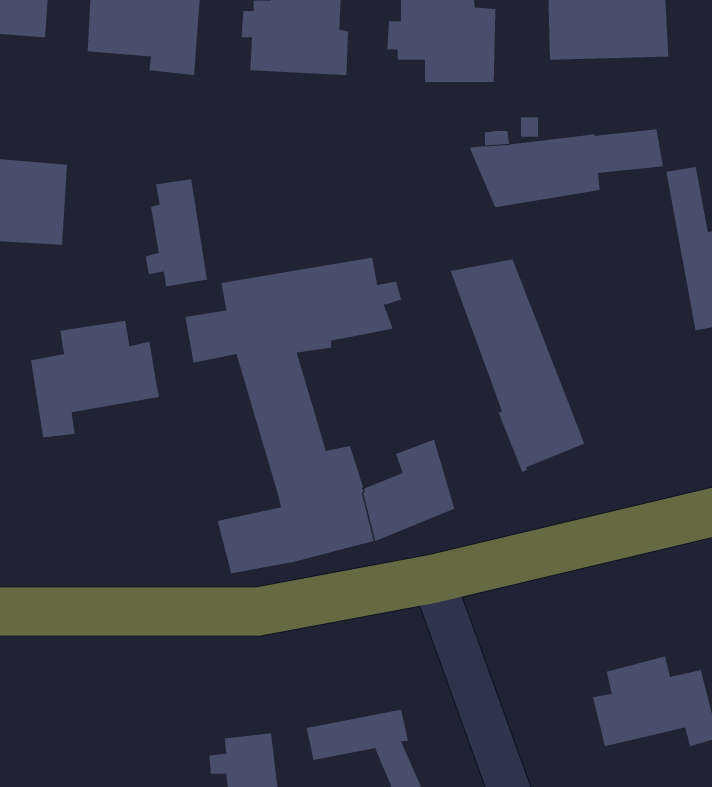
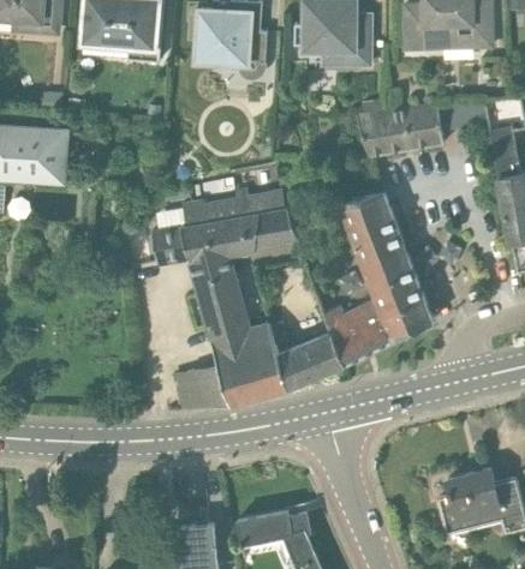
building: [145,178,208,287] -> none
building: [30,320,159,438] -> none
building: none -> [322,299,388,366]

